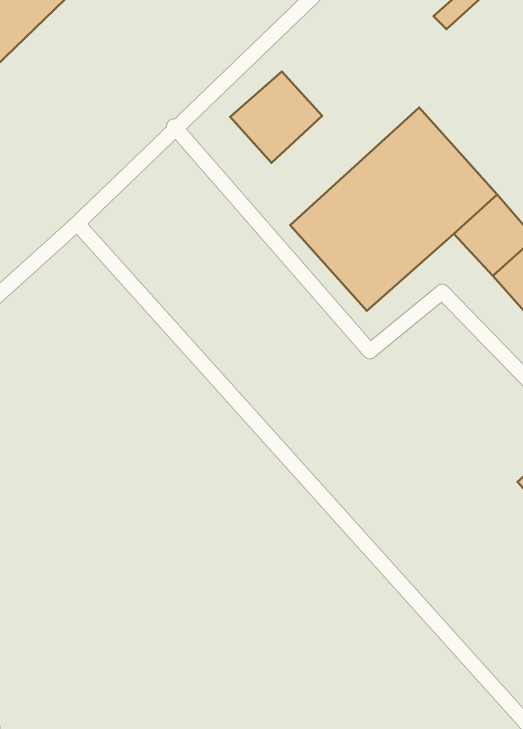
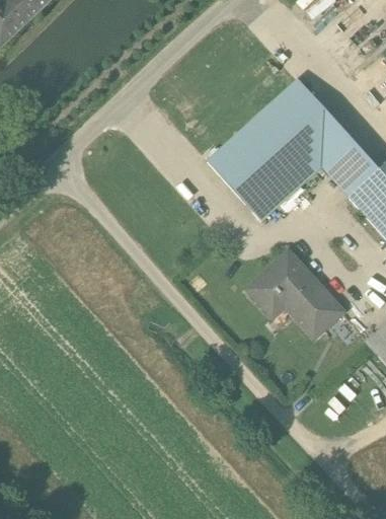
building: [230,71,322,163] -> none
building: none -> [247,248,343,336]

